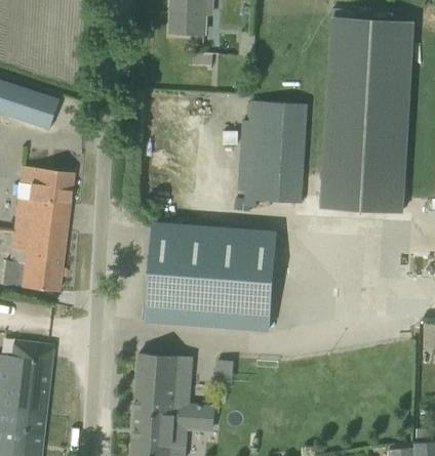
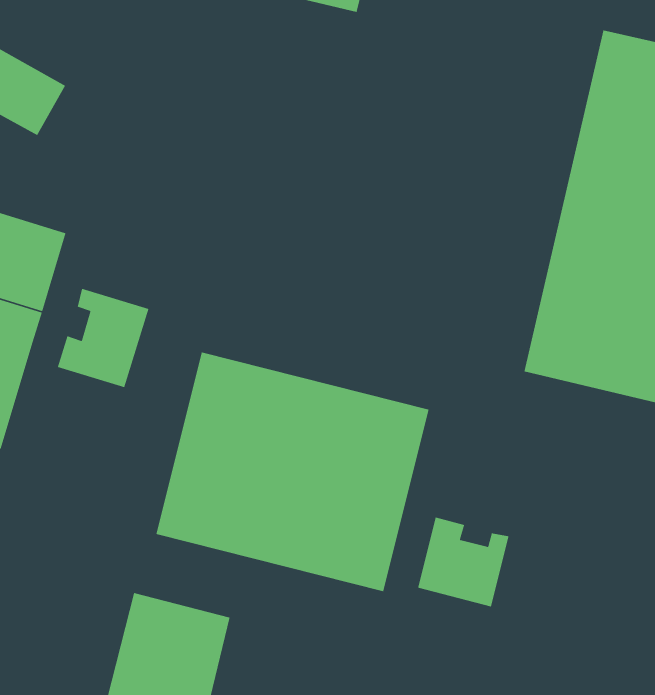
building: [242,101,306,208] -> none
building: none -> [57,288,150,388]
building: none -> [417,517,509,607]

